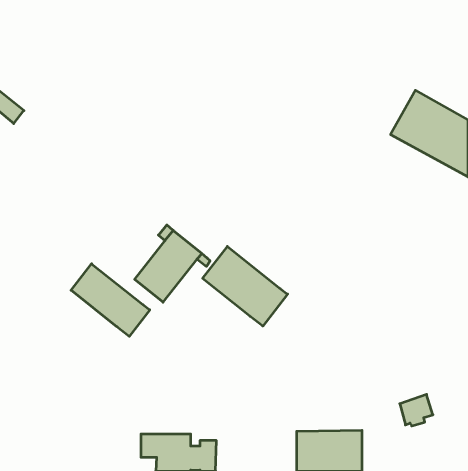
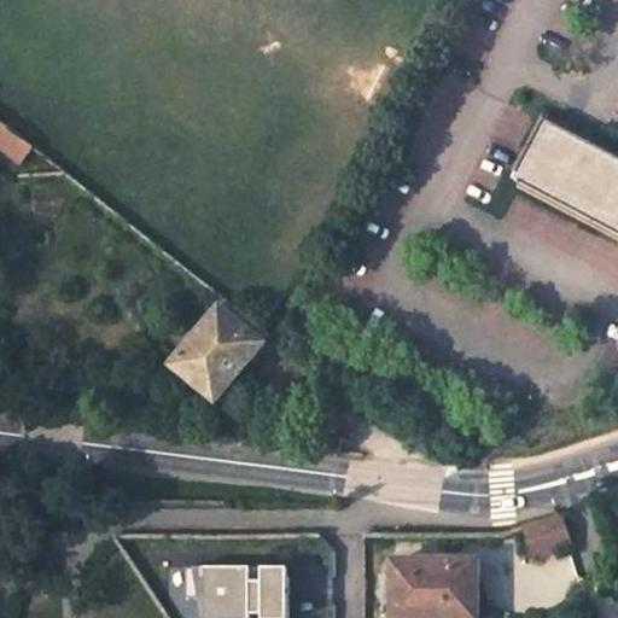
building: [203,246,288,326] -> none
building: [71,264,150,336] -> none

